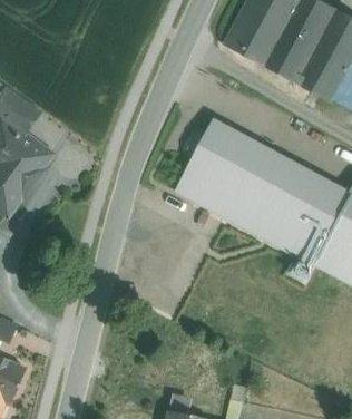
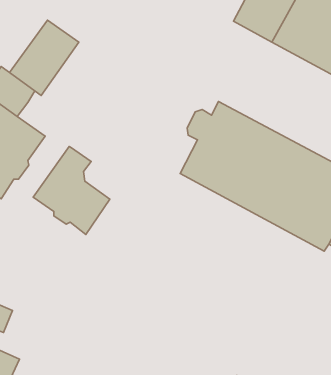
building: none -> [9,20,79,96]
building: none -> [33,147,110,234]

